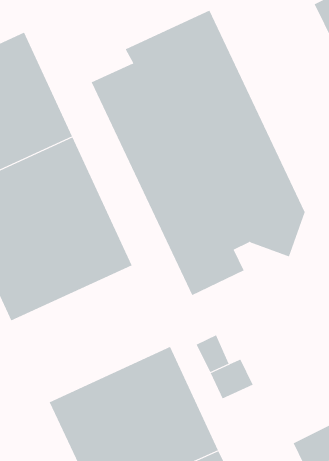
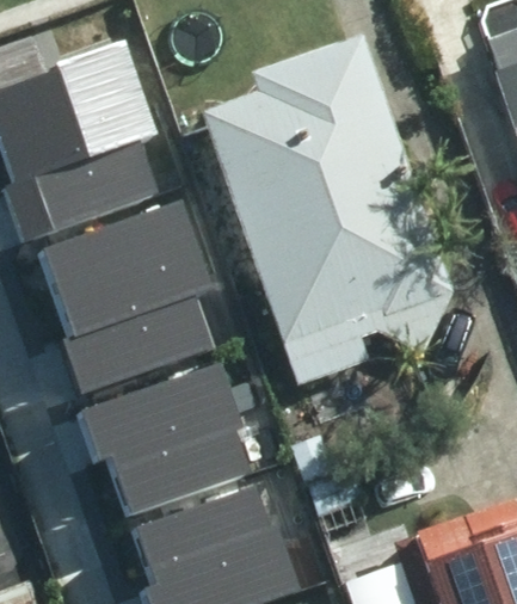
building: none -> [76,338,266,493]

